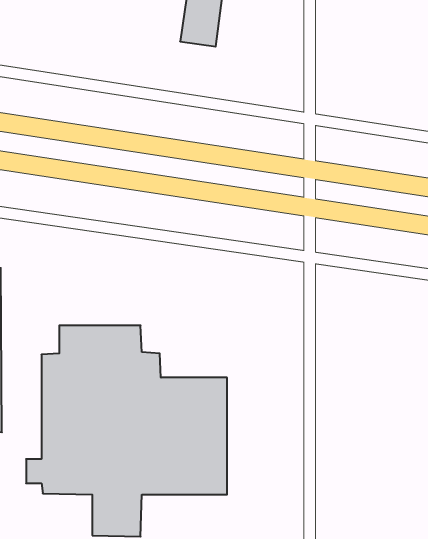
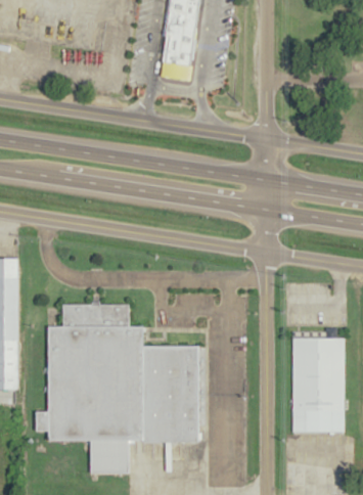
building: none -> [291,338,343,432]

